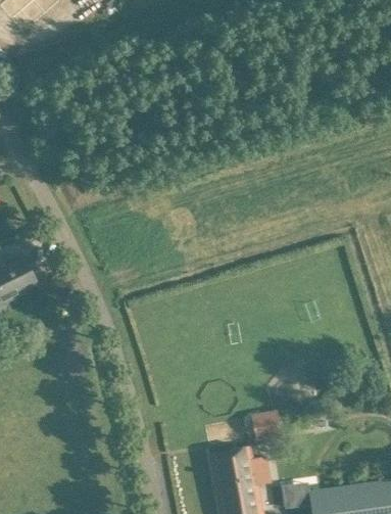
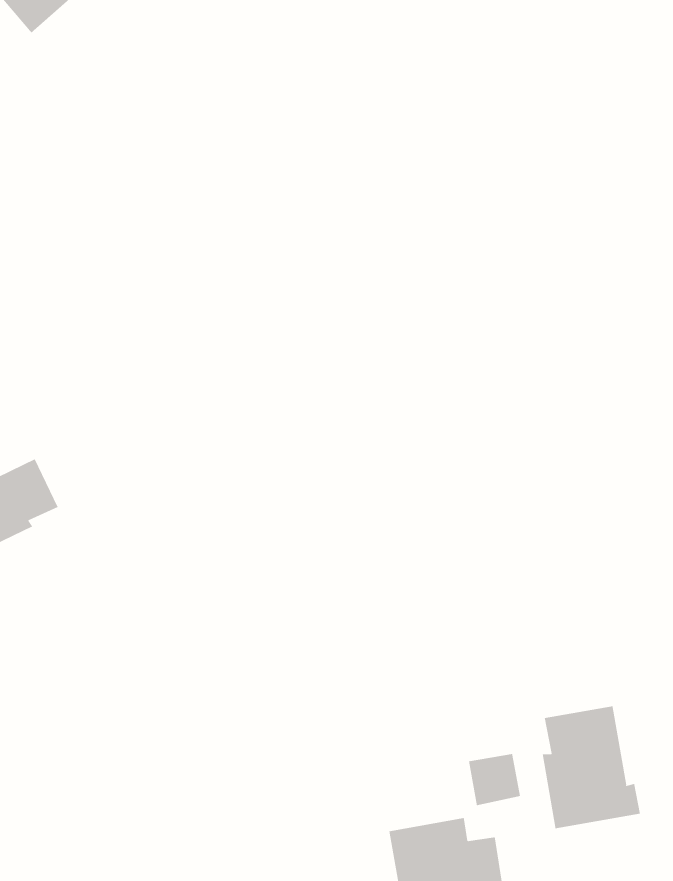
building: none -> [542,705,641,829]

